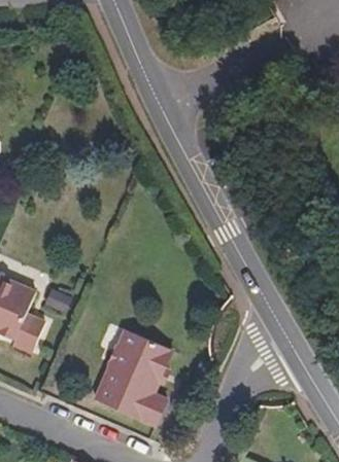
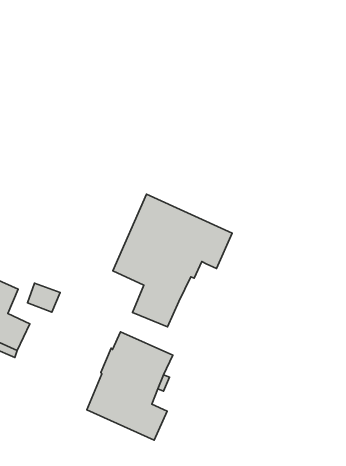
building: none -> [113,194,232,327]

